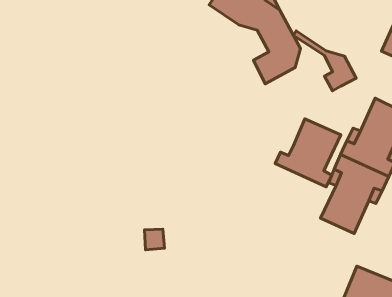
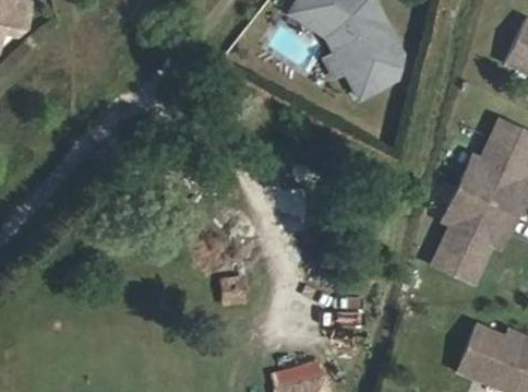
building: [294,31,356,91] -> [295,9,370,81]
building: [275,119,341,187] -> none

